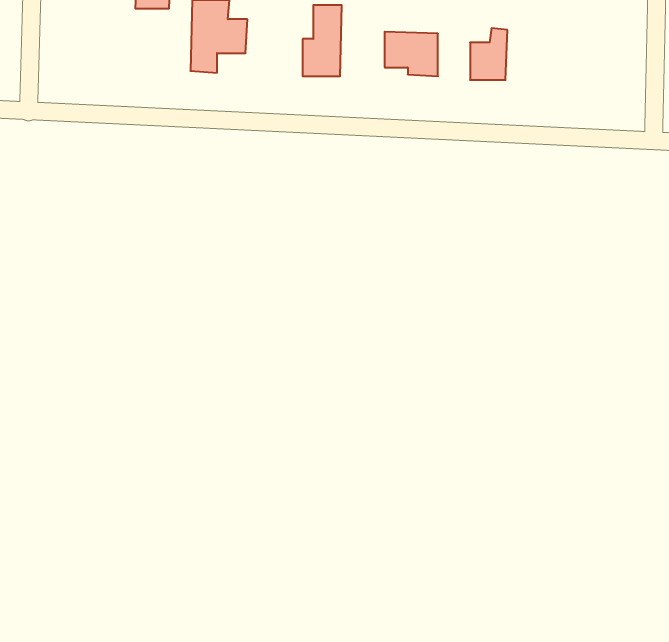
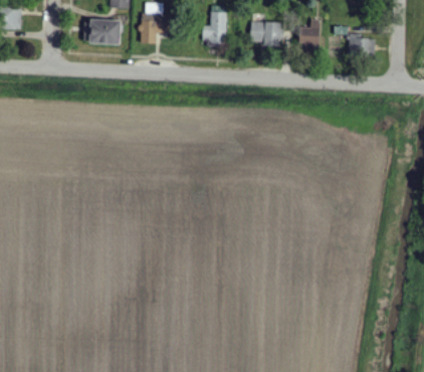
building: none -> [88,20,120,44]
building: none -> [348,33,375,55]

